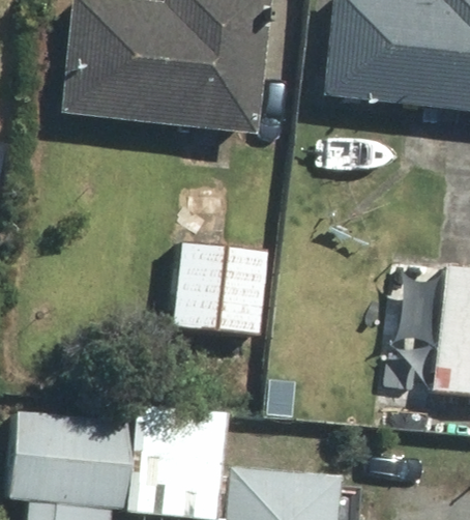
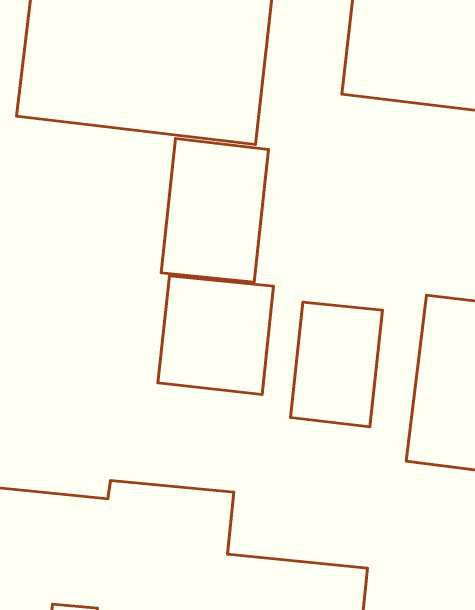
building: none -> [161,138,268,282]
building: none -> [291,302,382,427]

